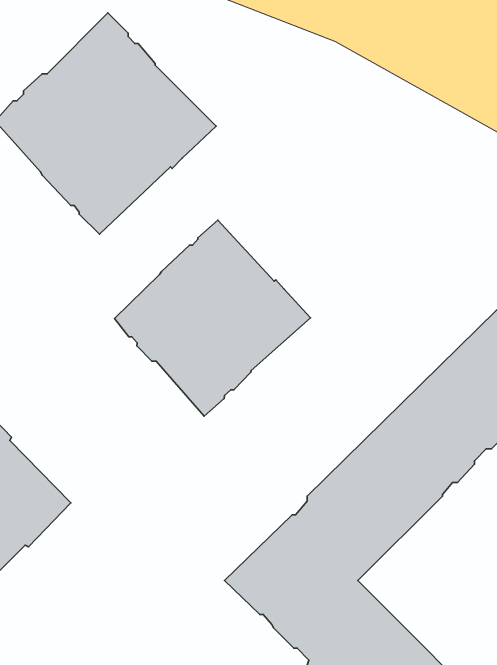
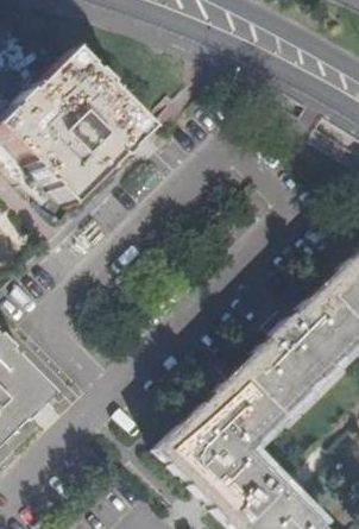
building: [114,220,311,416] -> none

